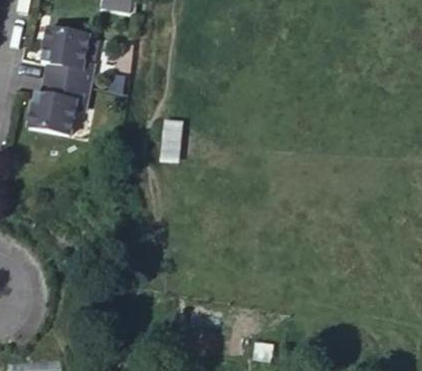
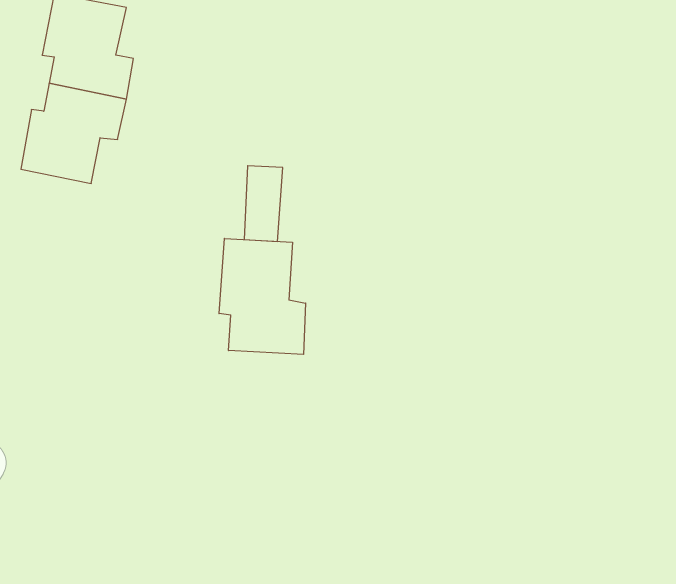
building: none -> [219,238,306,354]

